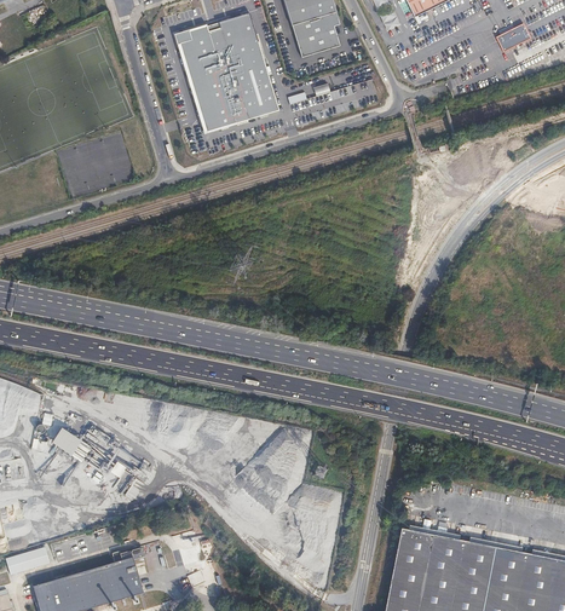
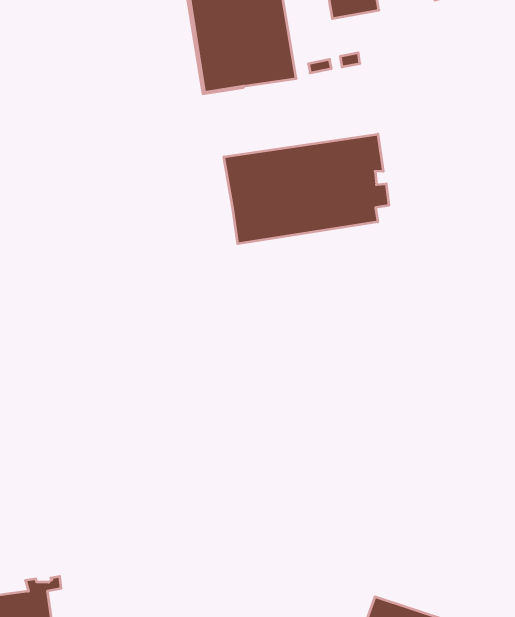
building: none -> [224,134,389,244]

